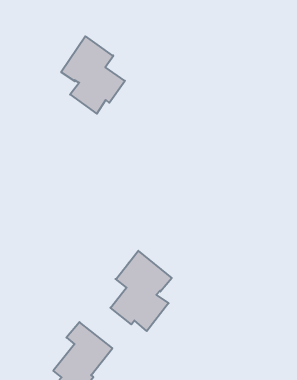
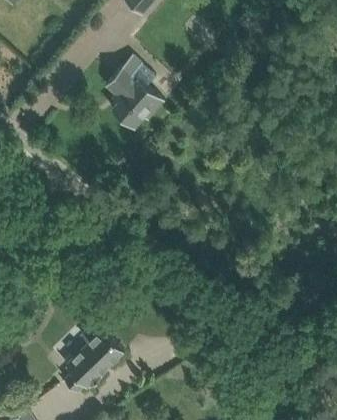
building: [110,251,172,331] -> none

